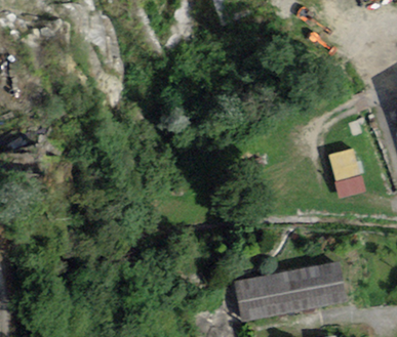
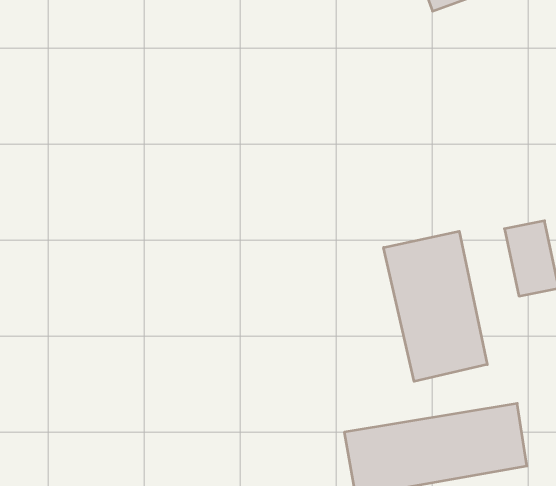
building: none -> [384,231,487,381]

